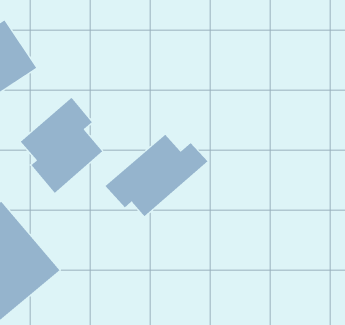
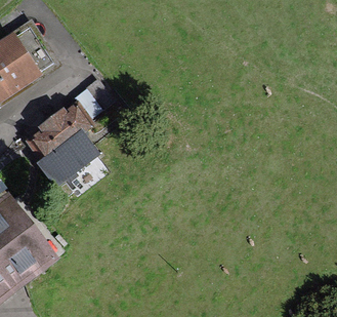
building: [104,134,209,217] -> none

